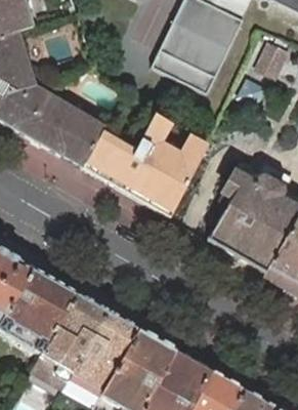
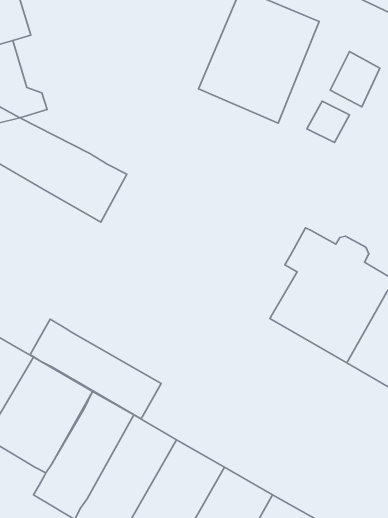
building: [82,123,202,216] -> none
building: none -> [30,319,161,419]

